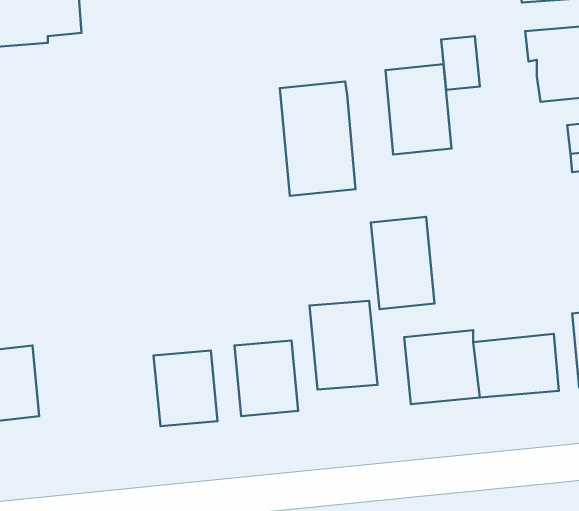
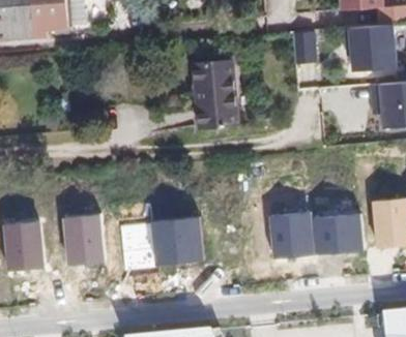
building: [385,64,452,155] -> none
building: [371,217,435,309] -> none
building: [309,301,378,389] -> none
building: none -> [65,214,106,261]

